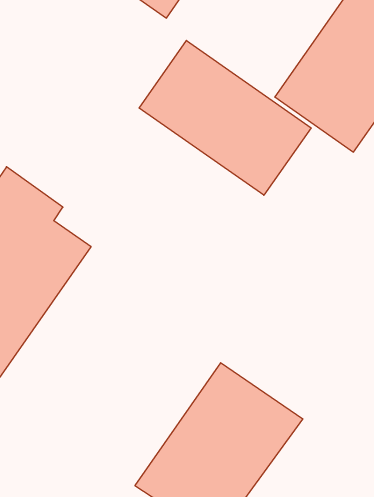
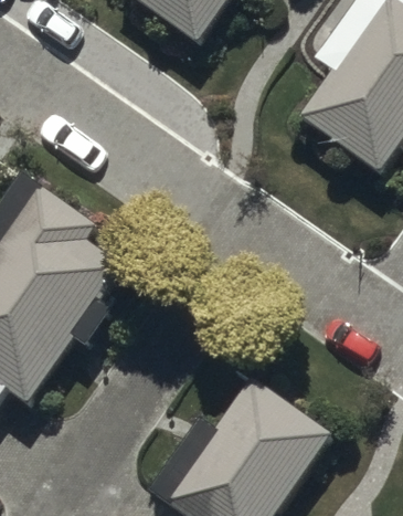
building: [139,40,311,195] -> none

